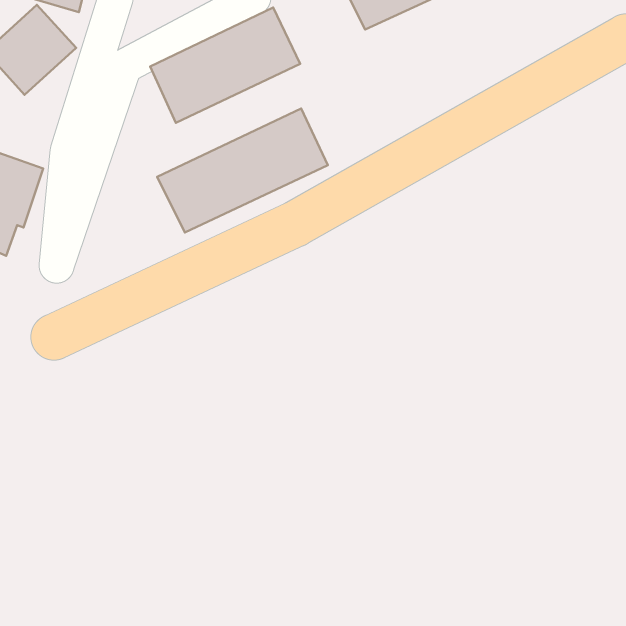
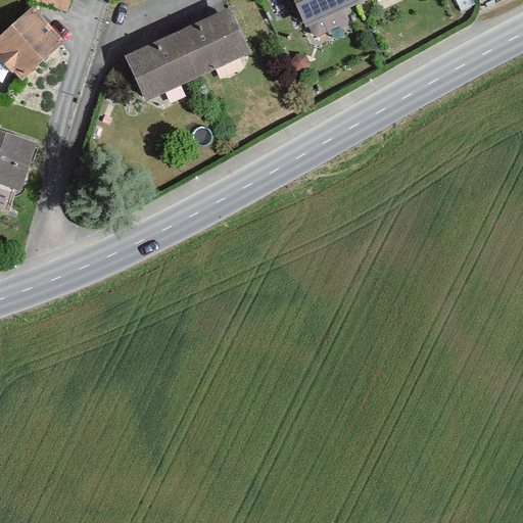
building: [157,108,328,233] -> none

